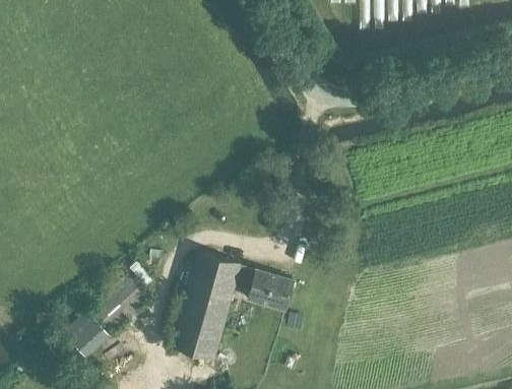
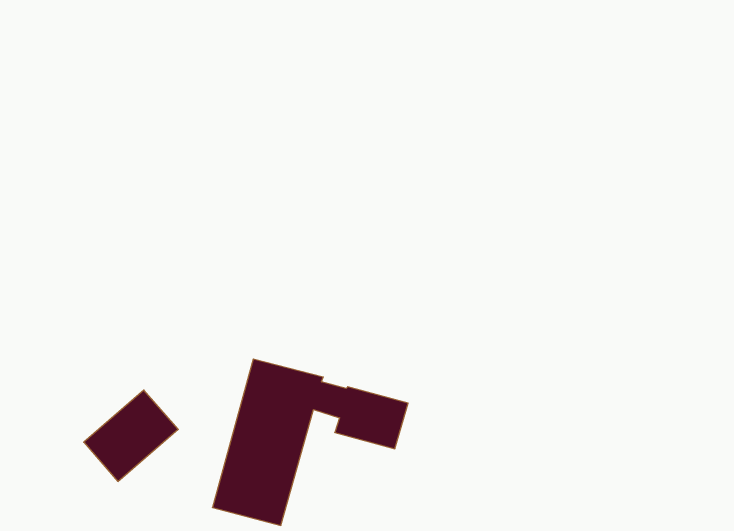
building: [66,311,109,353] -> none

